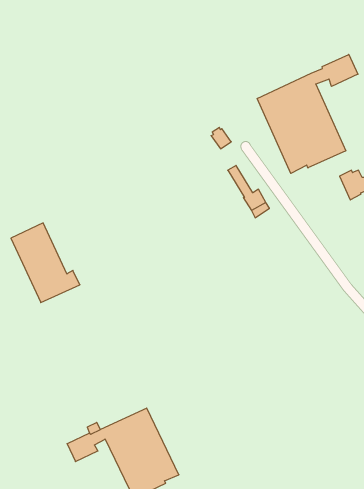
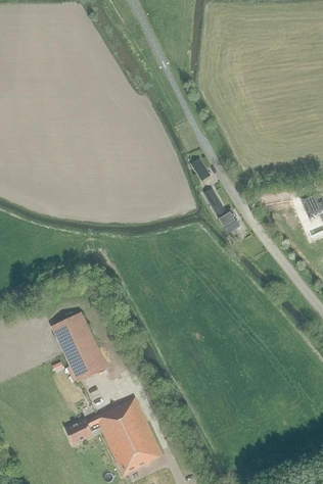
building: [257,54,358,173] -> none
building: [11,223,80,303] -> [53,313,112,382]

